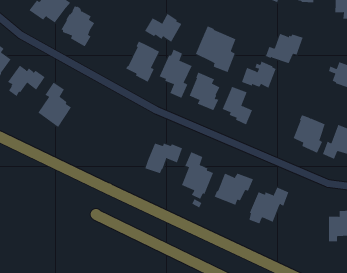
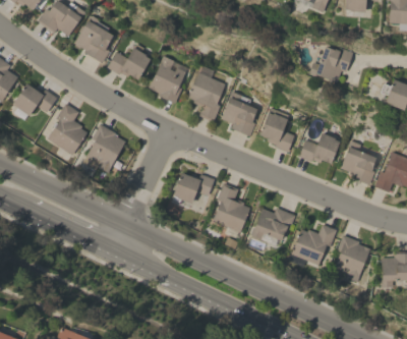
building: [144,13,182,42] -> [108,47,152,80]
building: [195,26,236,73] -> none
building: [241,61,277,88] -> [299,132,340,164]
building: none -> [79,124,126,177]
building: none -> [334,235,371,282]

